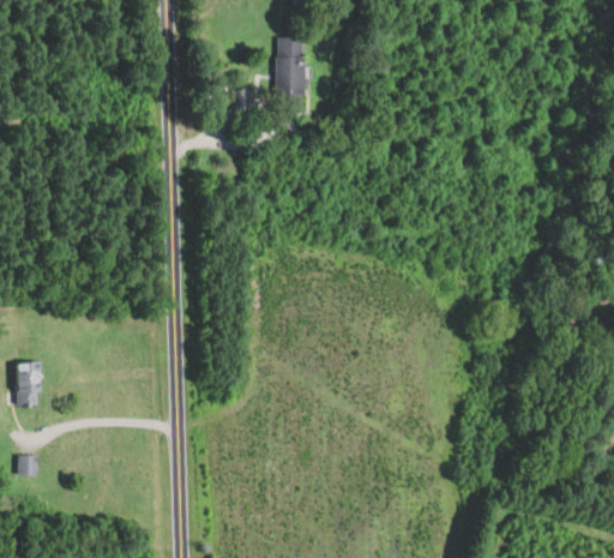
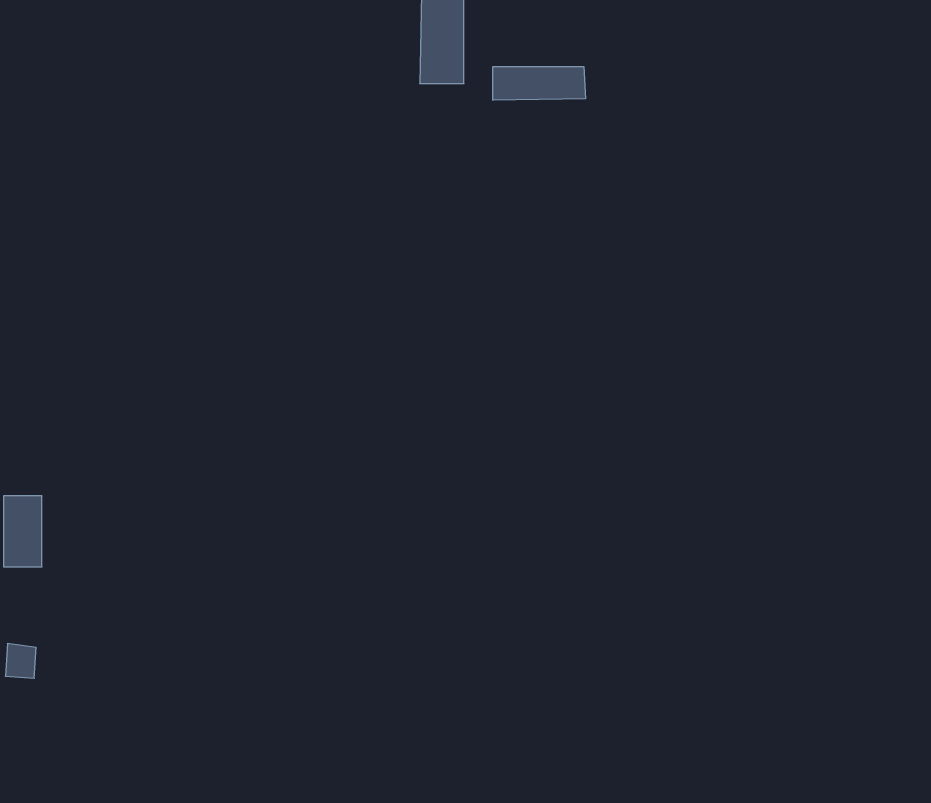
building: none -> [493,67,585,100]

